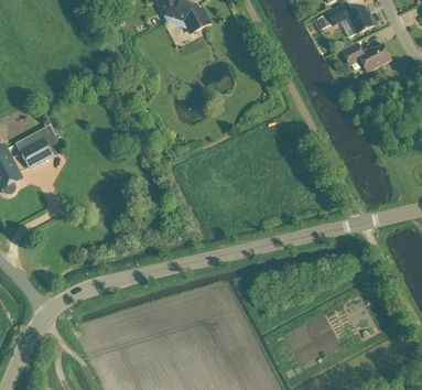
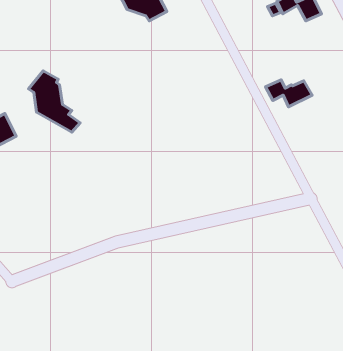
building: [342,42,391,71] -> [266,80,312,107]
building: none -> [28,71,80,132]

